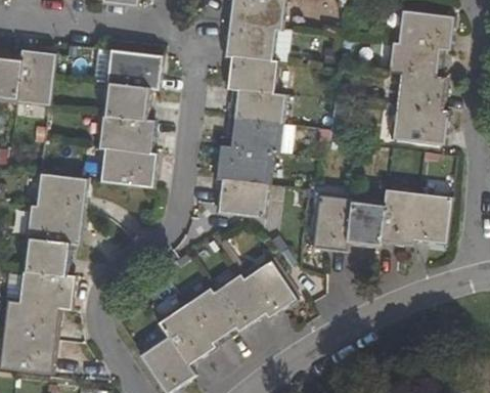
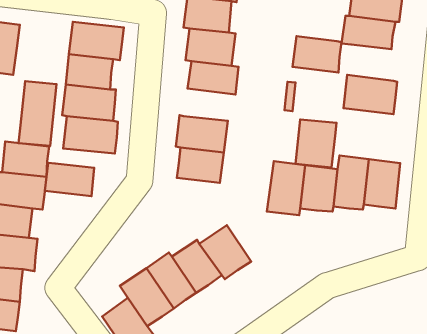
building: [396,72,447,110] -> [293,36,342,73]
building: none -> [19,81,57,146]
building: [225,118,279,152] -> none
building: none -> [295,119,336,168]
building: none -> [45,163,94,196]

